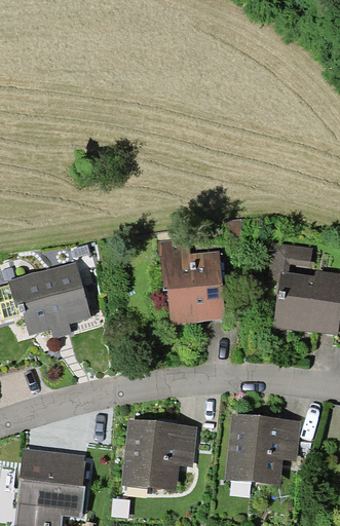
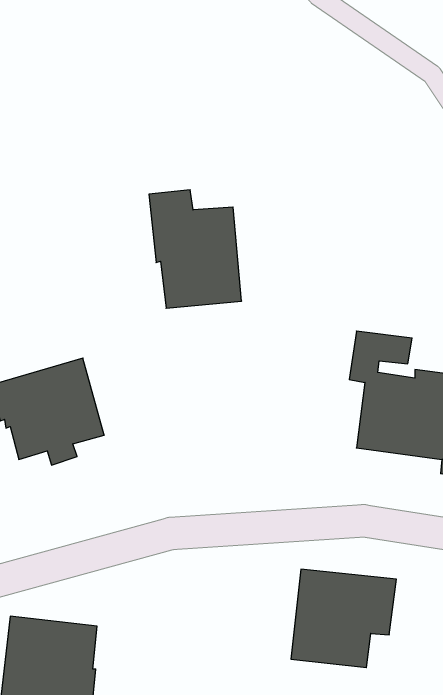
building: [158,238,225,324] -> [149,190,242,308]
building: [121,420,197,491] -> none

